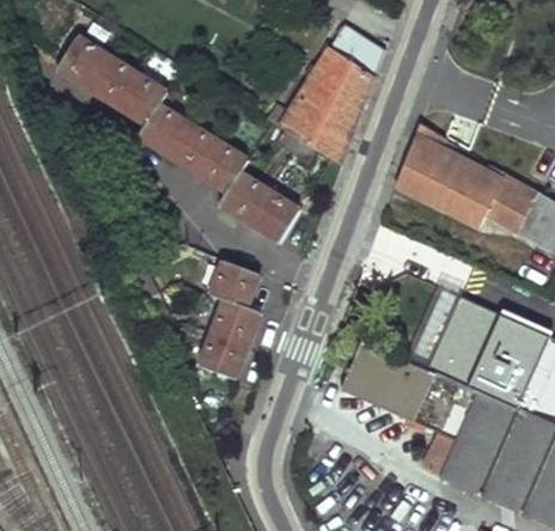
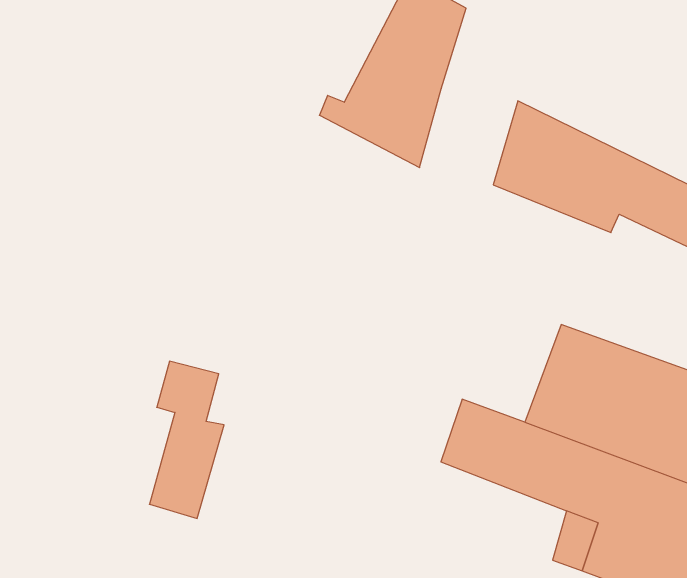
building: [56,39,298,244] -> none
building: [201,262,261,380] -> [149,361,224,518]

